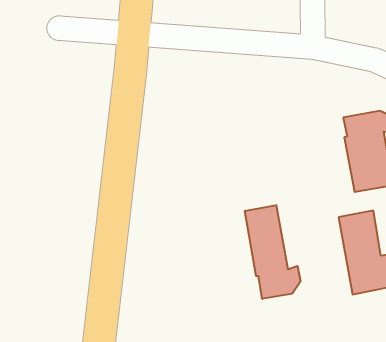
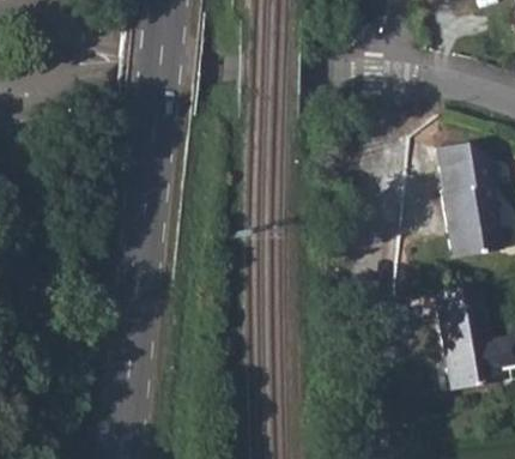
building: [245,205,301,299] -> none

